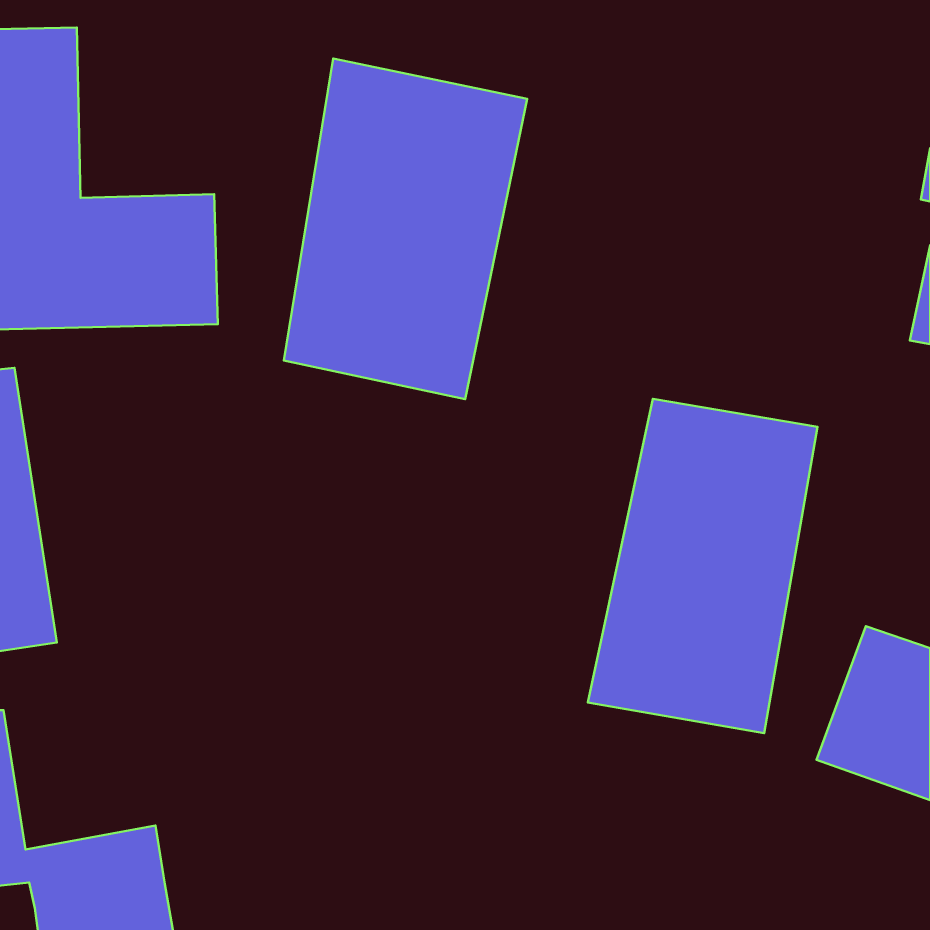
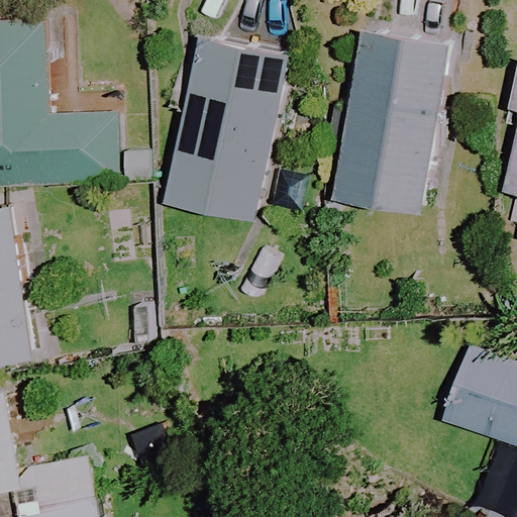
building: none -> [323,29,449,212]
building: [588,399,818,733] -> none

